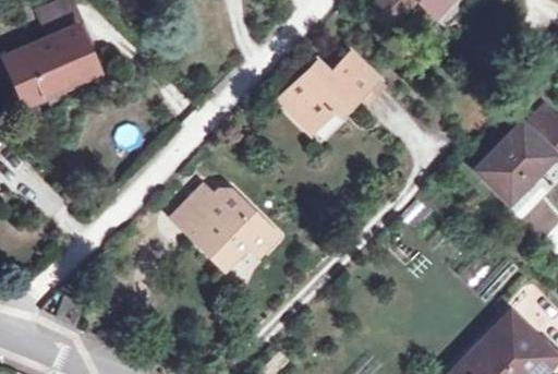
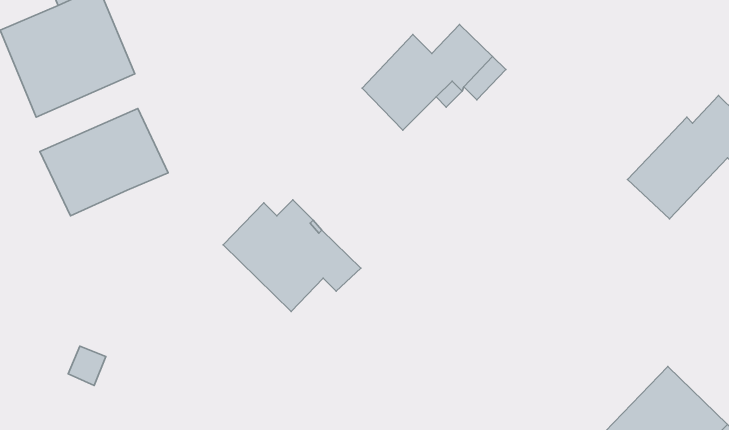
building: none -> [40,109,168,216]

